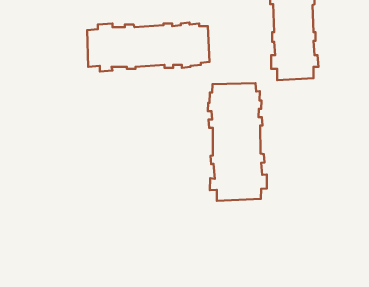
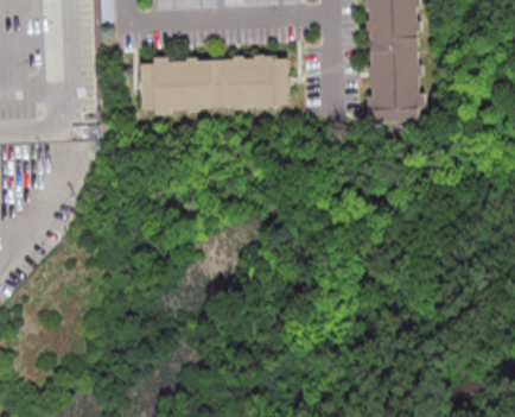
building: [208,83,267,201] -> none

